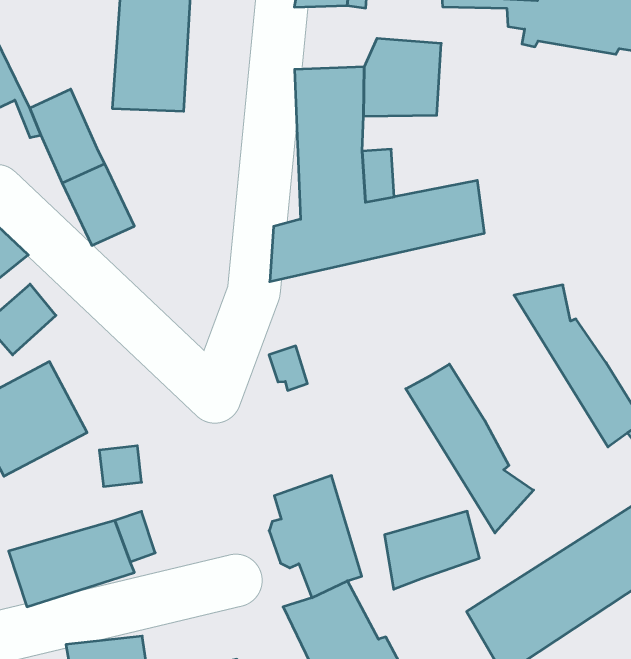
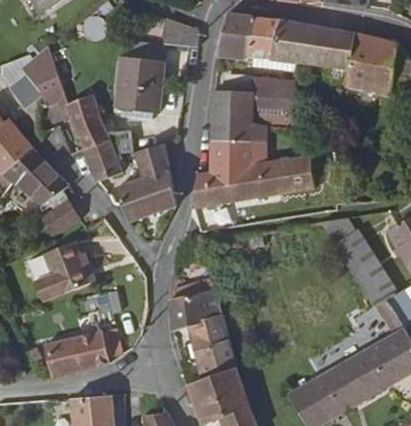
building: none -> [116,144,175,221]
building: [406,364,534,533] -> none
building: [385,511,479,589] -> [169,289,221,329]

